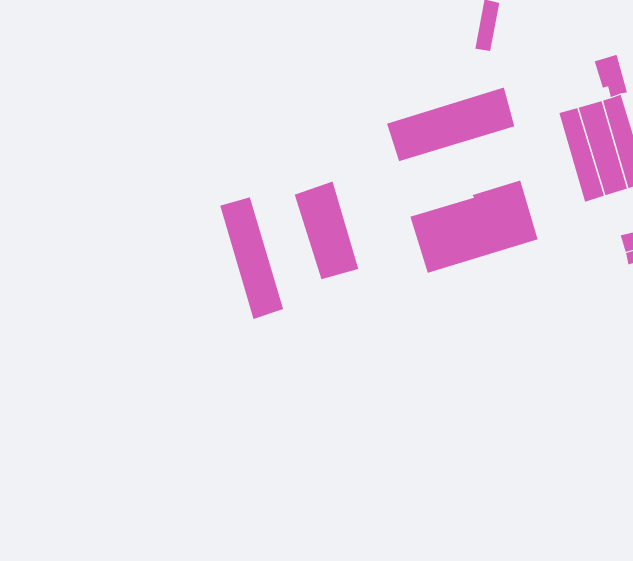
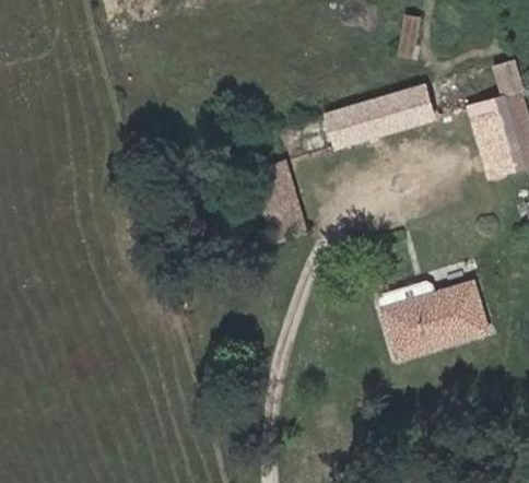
building: [409,180,539,274] -> [384,280,487,355]
building: [220,196,284,320] -> none

